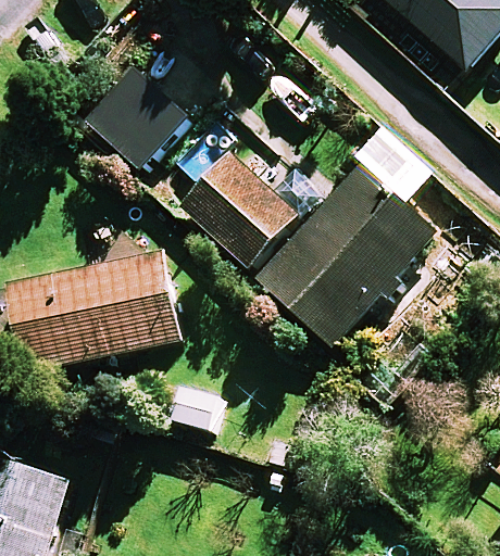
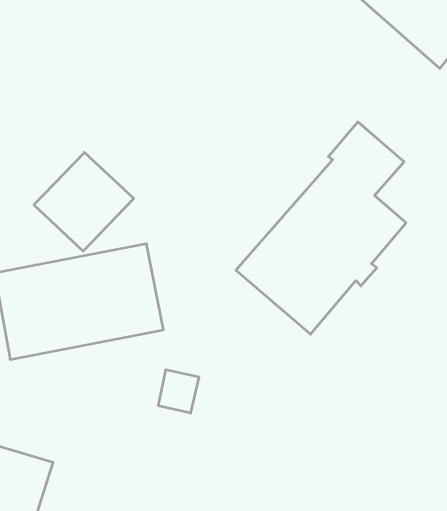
building: [88,63,191,165] -> [34,152,134,251]
building: [179,150,297,267] -> none

